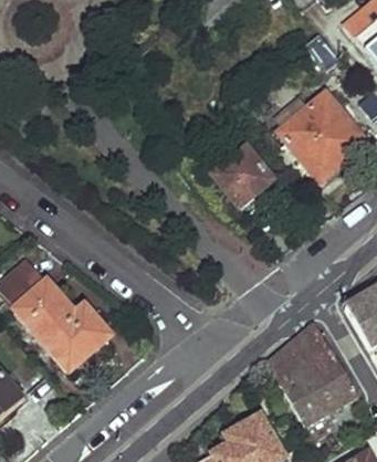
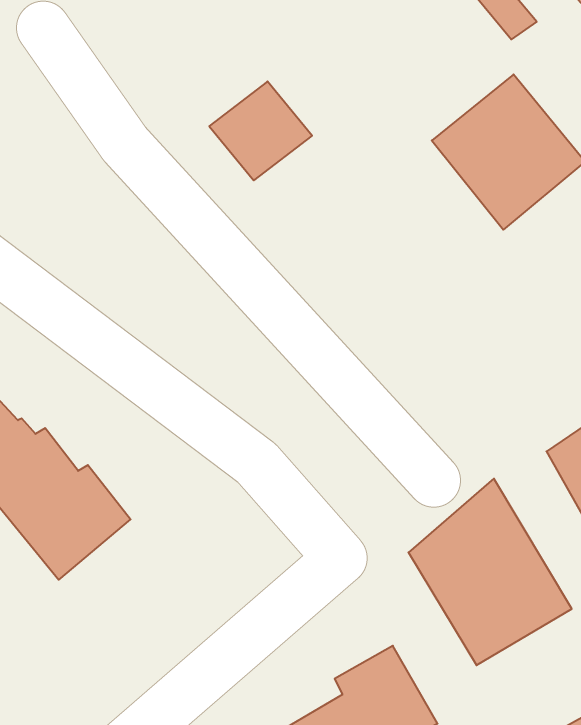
building: [213,145,272,201] -> [209,81,312,180]

